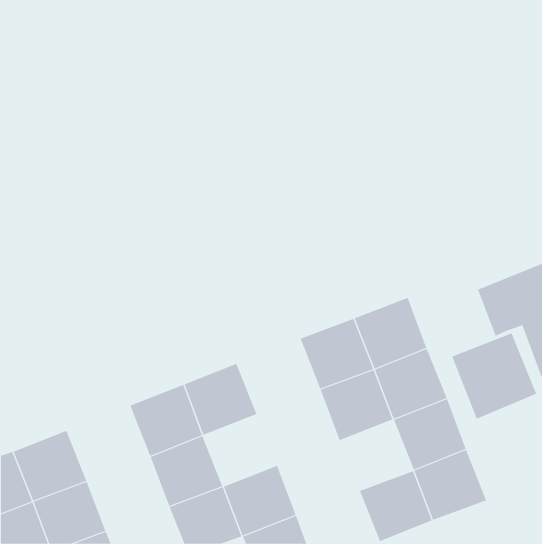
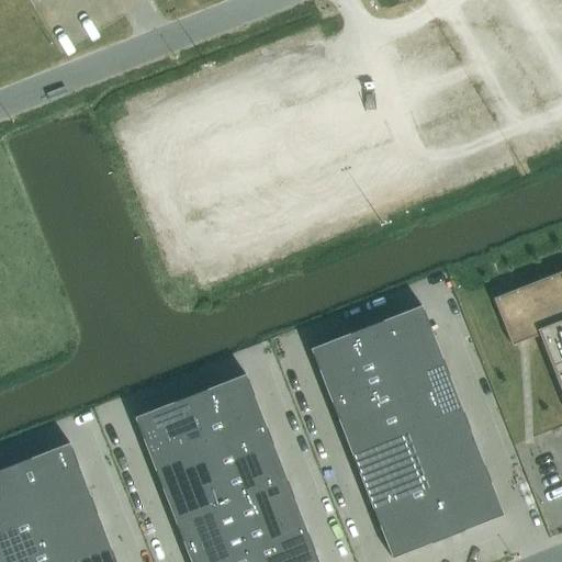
building: [452,333,537,420] -> none
building: none -> [211,427,288,502]
building: none -> [351,432,428,506]

